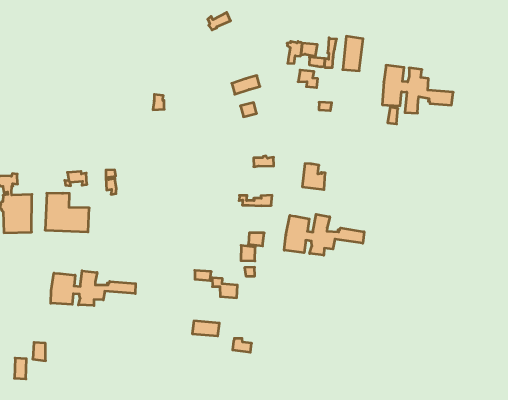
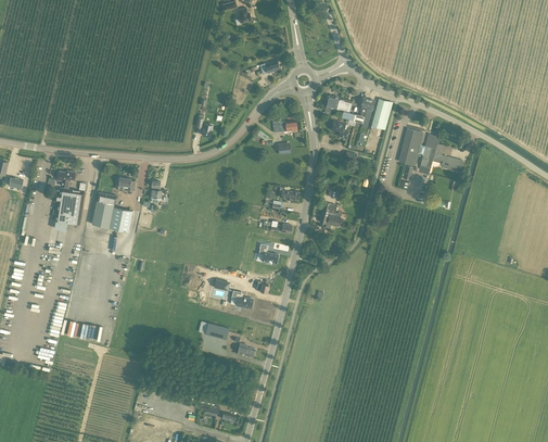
building: [284,214,364,255] -> none
building: [51,271,136,306] -> none

